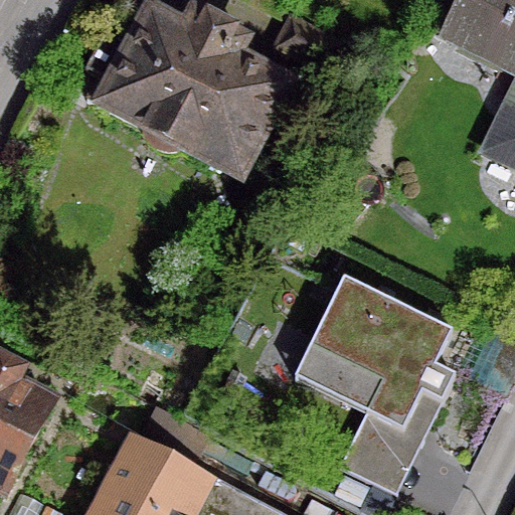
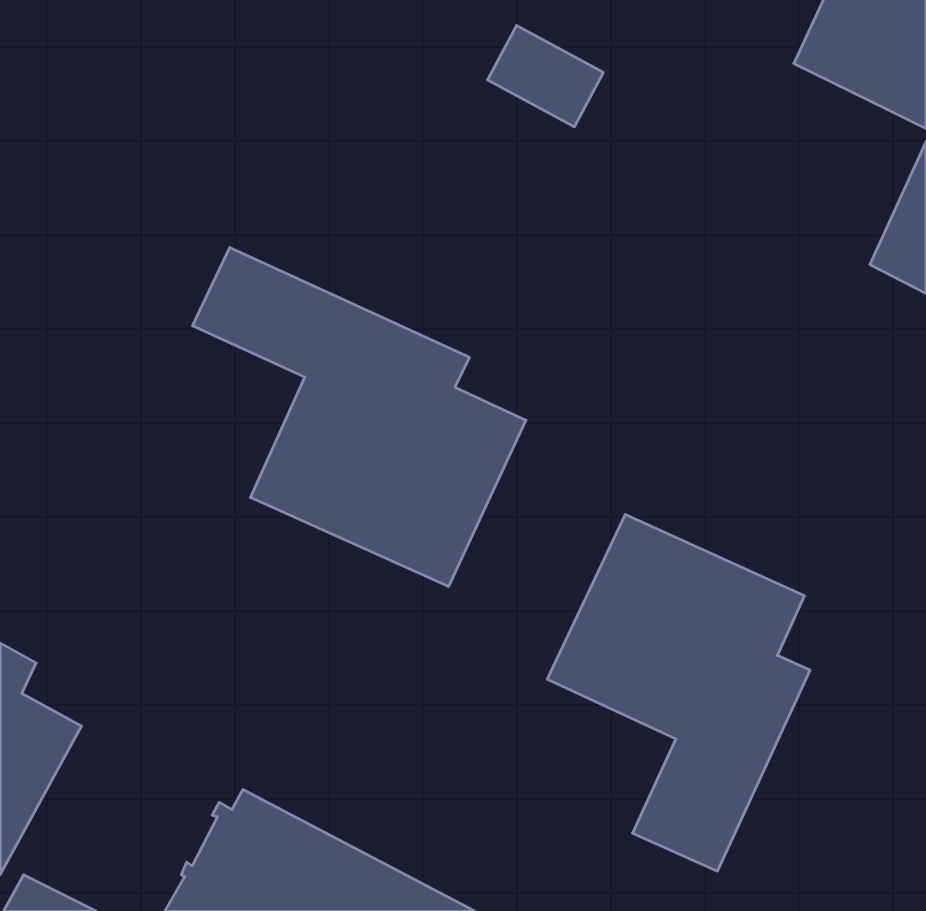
building: [79,9,285,167] -> none
building: none -> [193,247,526,587]

